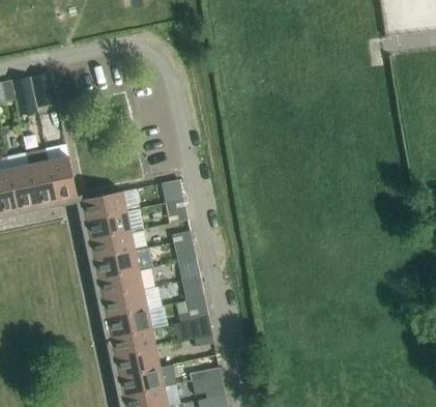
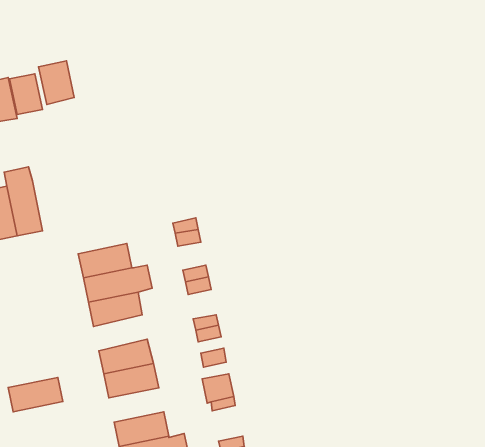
building: none -> [39,61,74,105]
building: [48,155,76,200] -> none
building: [81,191,124,219] -> none
building: [97,268,141,297] -> none
building: [110,327,154,355] -> [8,377,63,412]

